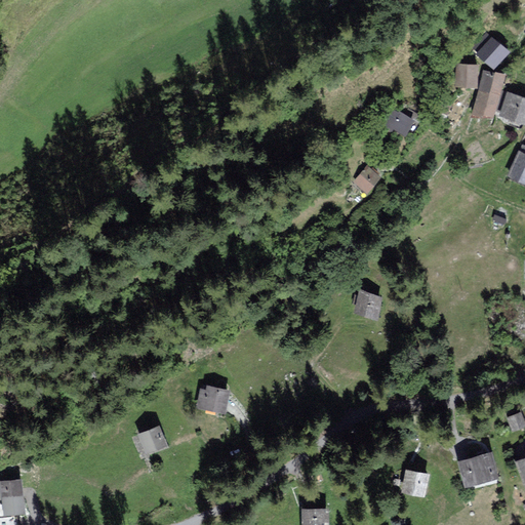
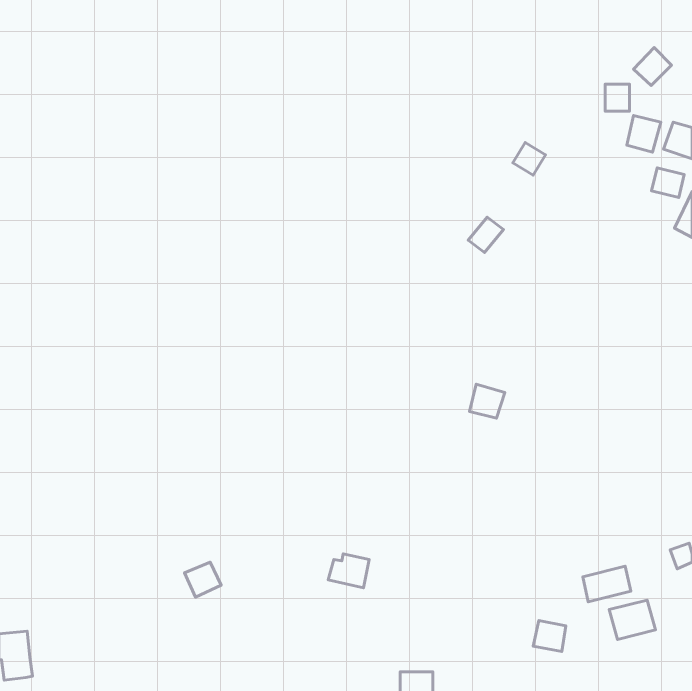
building: [479,72,503,94] -> [652,168,684,198]
building: [198,387,229,412] -> [328,554,369,588]
building: none -> [583,566,631,602]

